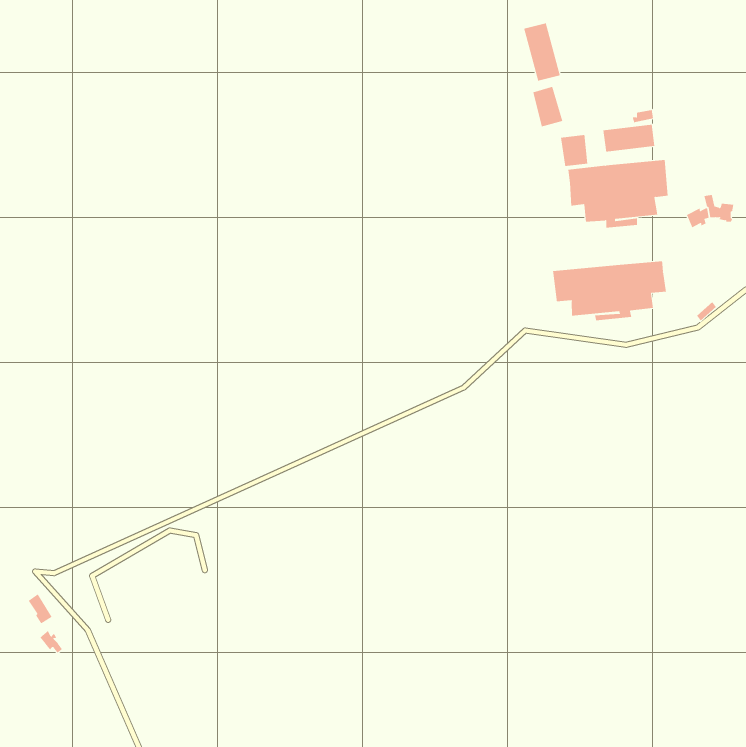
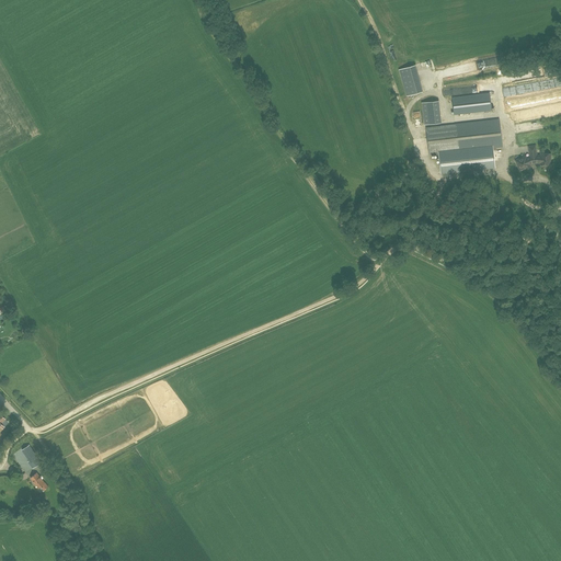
building: [523,22,560,82] -> none
building: [553,260,666,321] -> none

